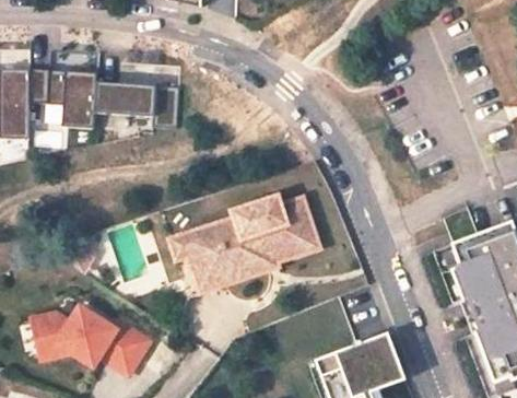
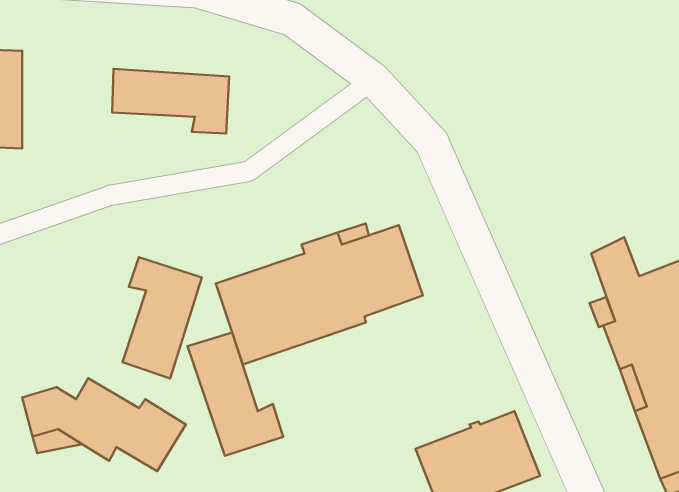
building: [28,69,96,129] -> none
building: none -> [122,257,202,379]
building: none -> [187,332,283,456]

